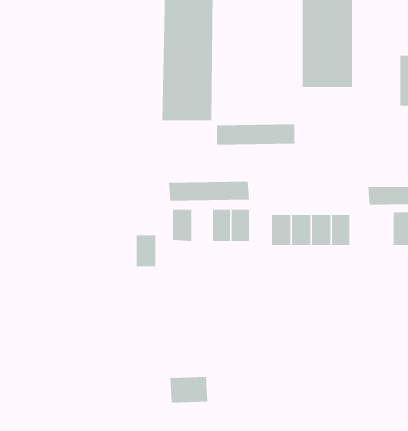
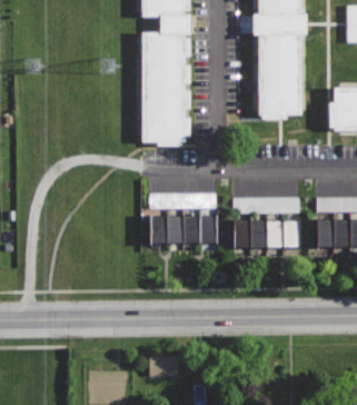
building: [216,124,295,145] -> [231,198,297,216]
building: none -> [317,219,334,247]
building: [136,235,156,267] -> [167,217,184,244]

